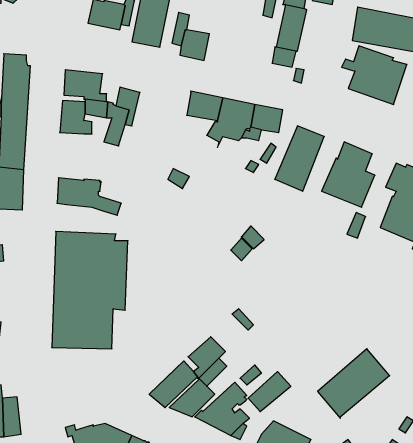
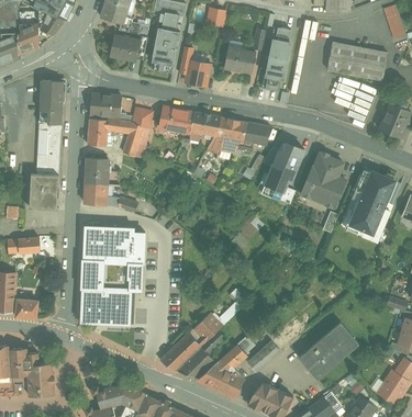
building: none -> [224,48,255,74]
building: none -> [159,108,193,135]
building: none -> [85,158,107,185]

